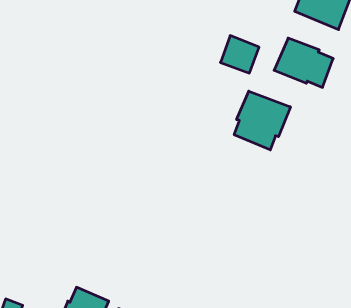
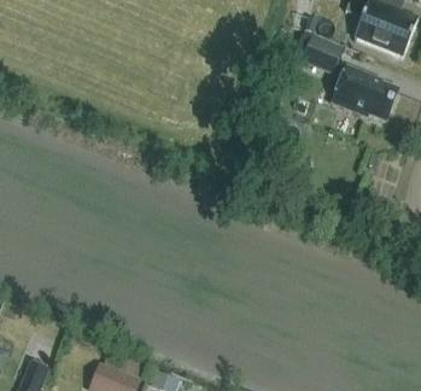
building: [220,36,259,73] -> [302,31,345,74]
building: [234,91,290,150] -> none

